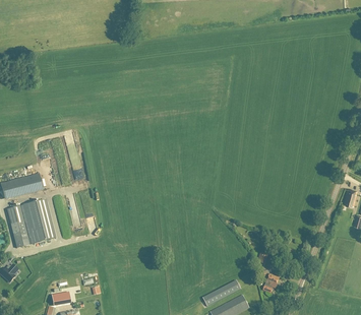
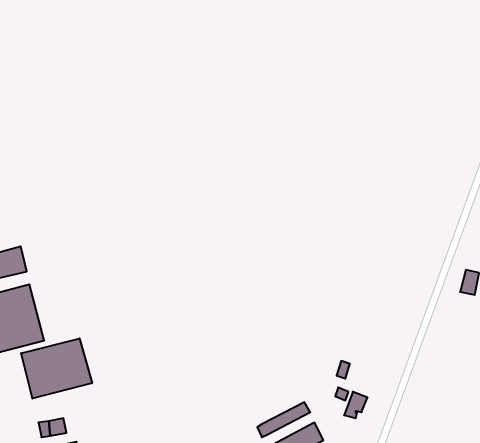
building: none -> [21,338,92,399]

